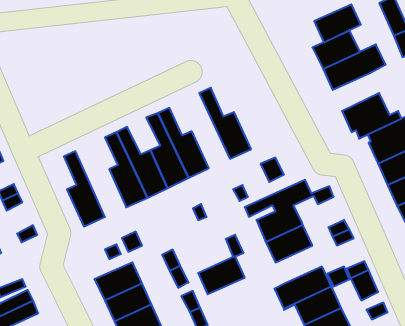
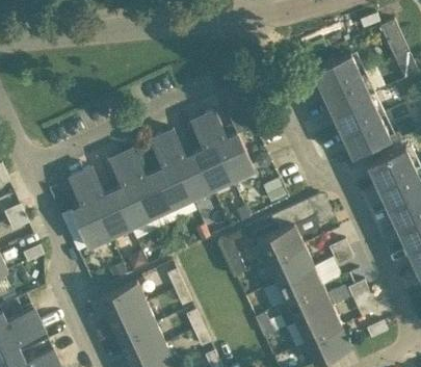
building: [314,4,361,42] -> [333,97,378,134]
building: none -> [190,116,232,190]
building: none -> [80,168,130,238]
building: [198,256,245,294] -> [277,266,322,304]

